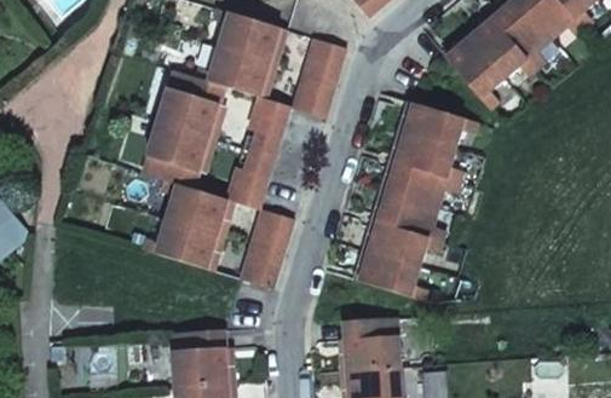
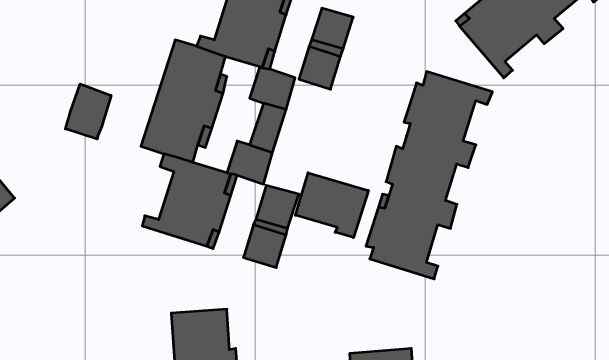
building: none -> [65,84,111,139]
building: none -> [295,173,368,238]
building: [340,316,400,370] -> none

